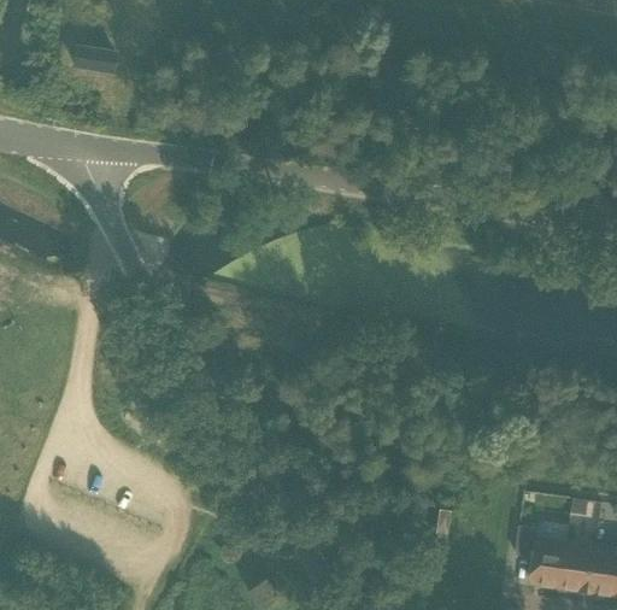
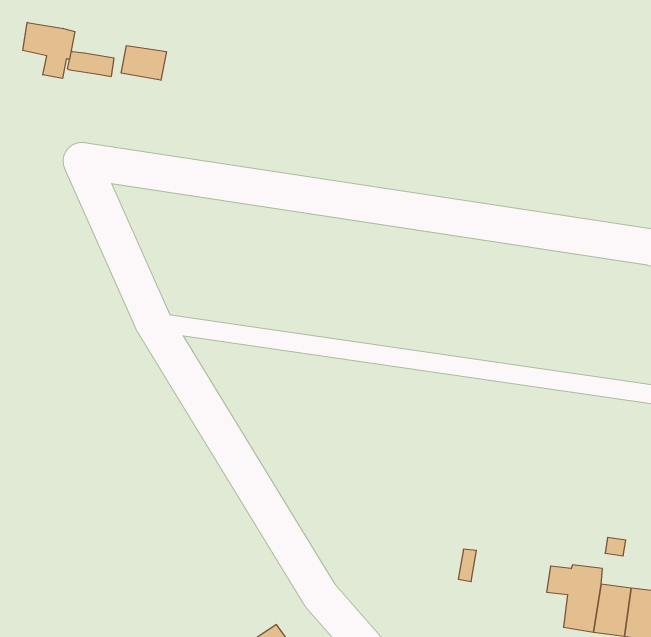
building: none -> [23,22,75,78]
building: none -> [121,46,166,80]

